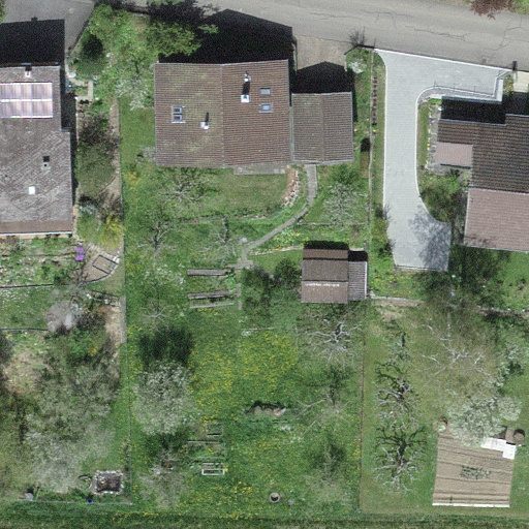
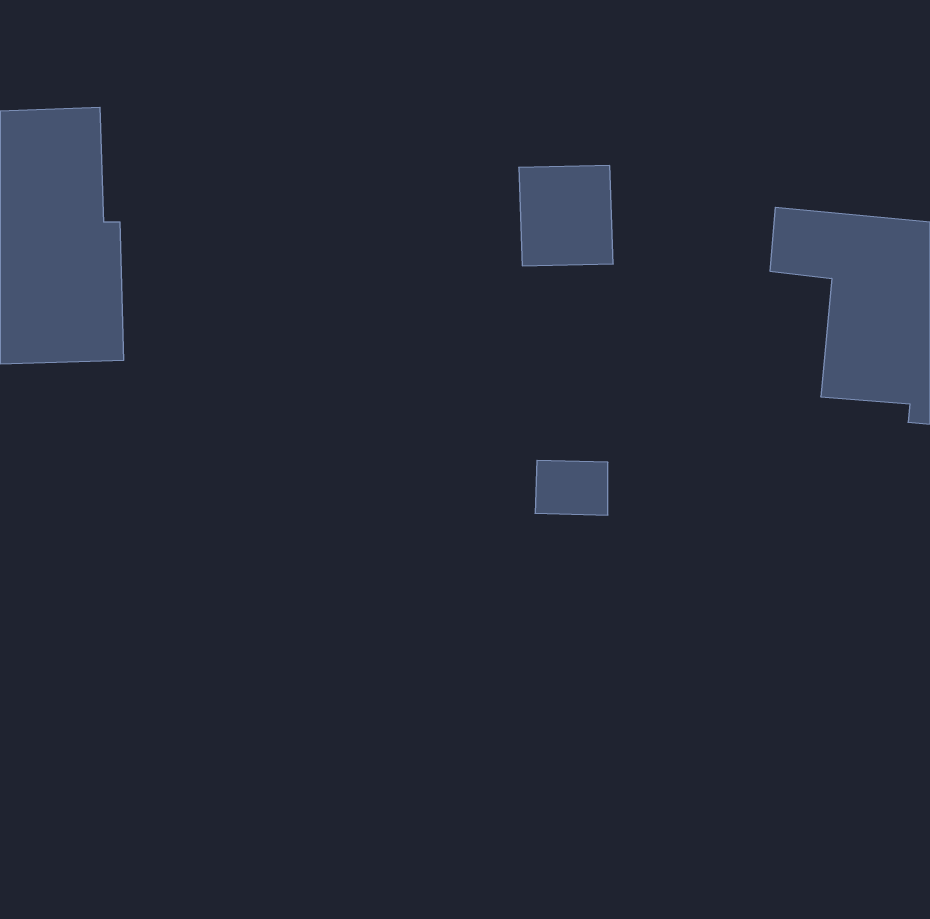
building: [162,68,280,155] -> none

